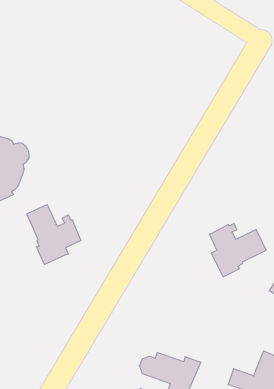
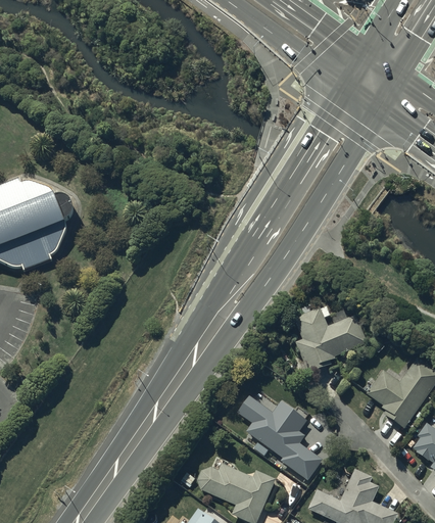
building: [27,205,81,264] -> none
building: none -> [238,397,322,480]

